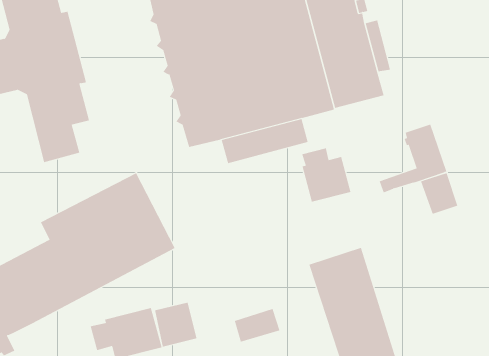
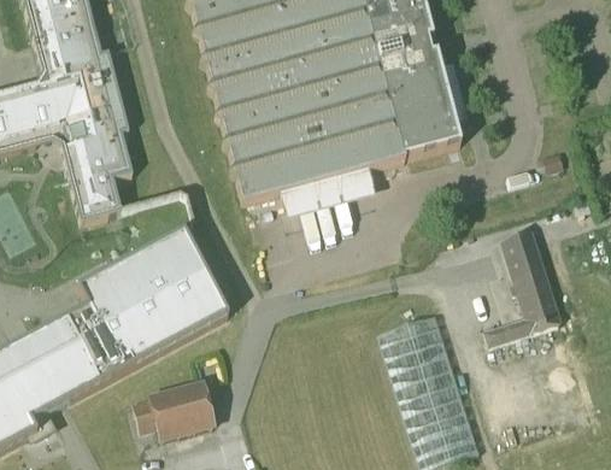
building: [379,124,447,193] -> [484,265,560,342]
building: [302,148,351,202] -> none
building: [154,302,197,348] -> none
building: [234,308,280,342] -> none

